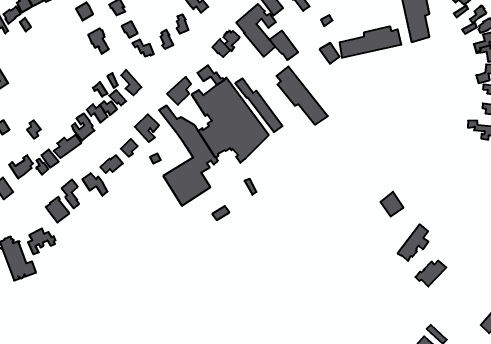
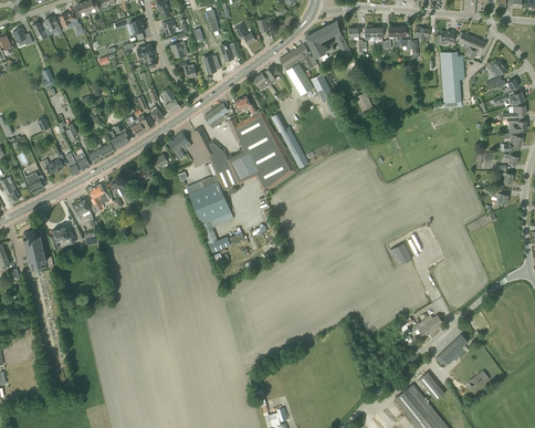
building: [340,26,401,58] -> none
building: [276,66,328,125] -> none
building: [398,224,428,261] -> [436,334,468,367]

